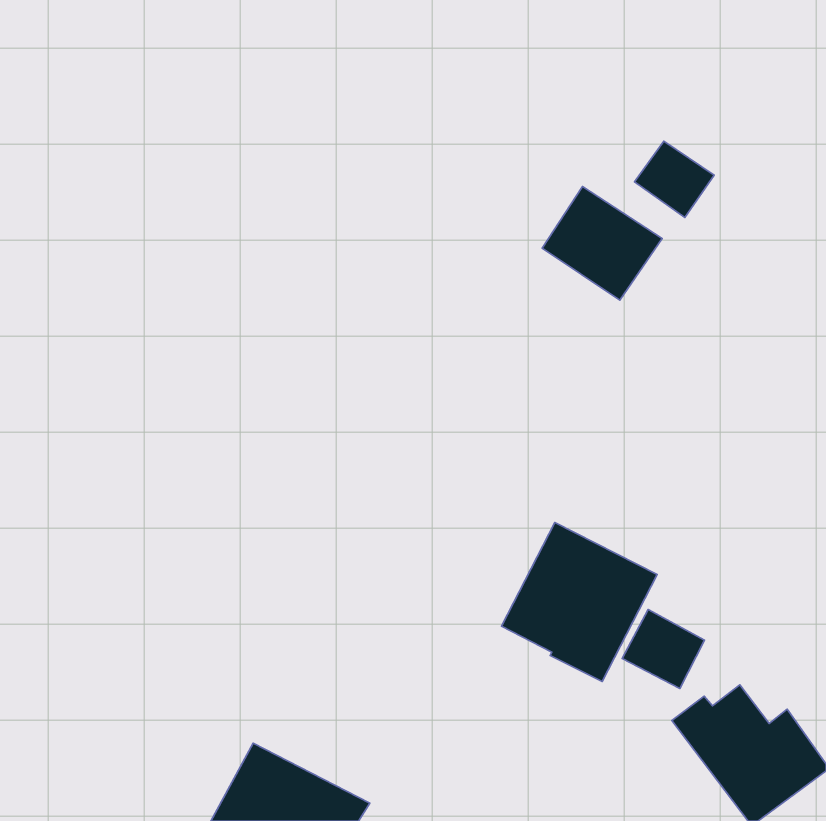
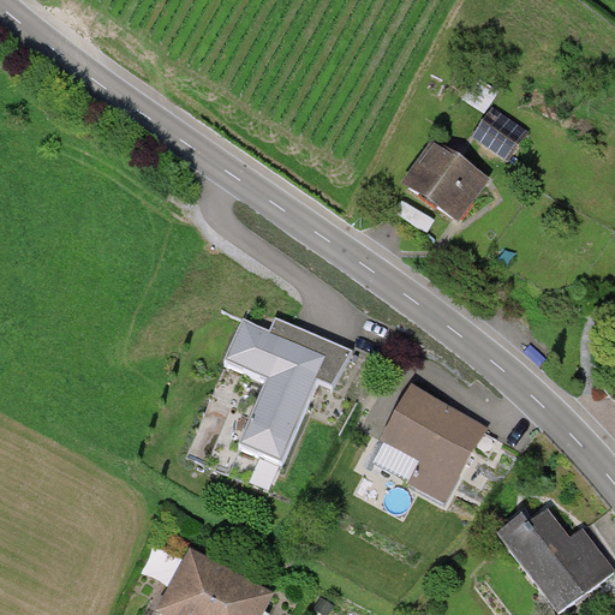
building: none -> [223,316,351,464]
building: [622,610,704,688] -> none

